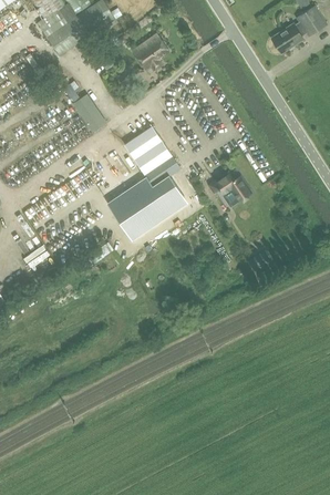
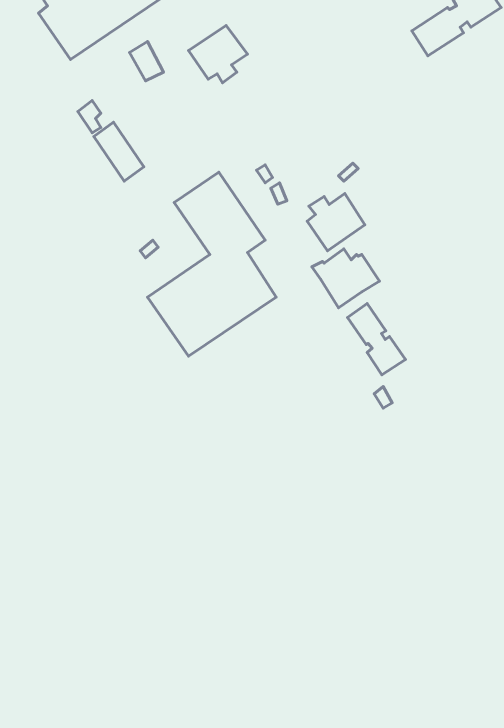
building: none -> [307,193,365,251]
building: none -> [347,304,405,375]

